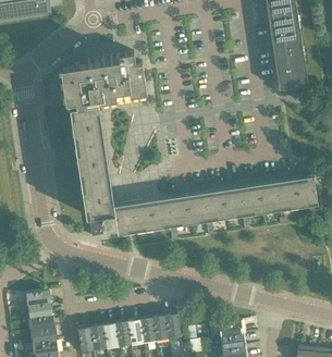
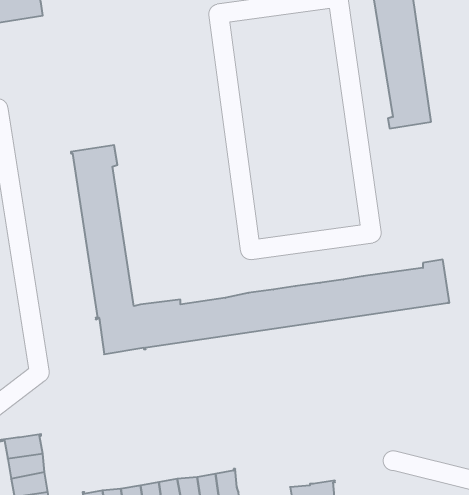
building: [60,51,147,103] -> none

